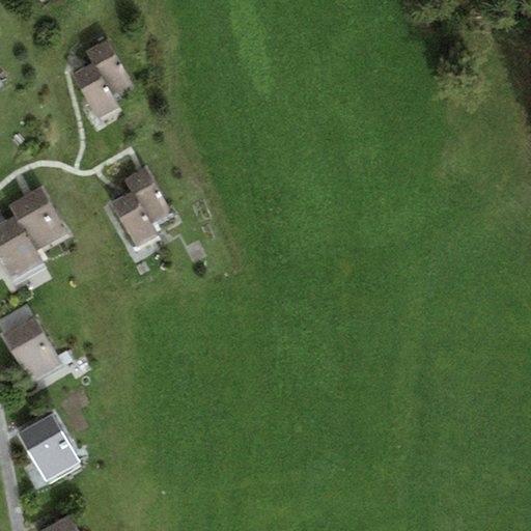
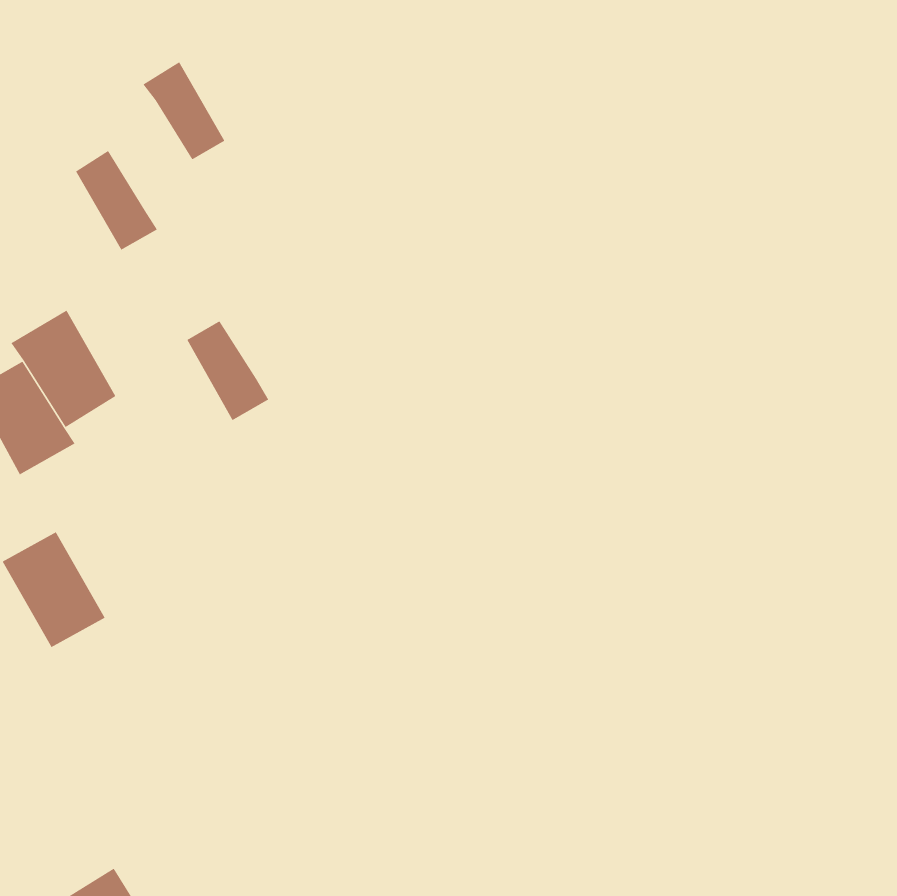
building: [72,61,120,120] -> [75,150,158,251]
building: [122,168,171,225] -> none
building: [19,415,80,483] -> none

